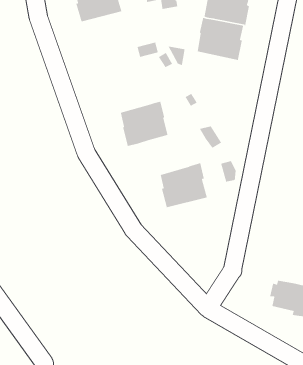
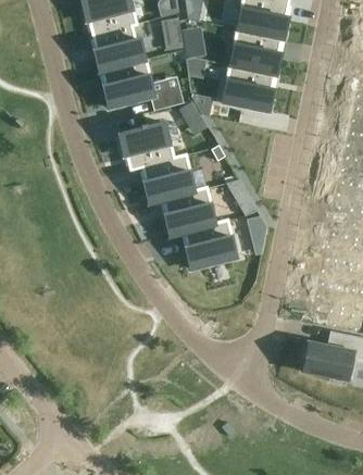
building: none -> [101,59,153,108]
building: none -> [118,123,173,171]
building: none -> [162,187,214,237]

